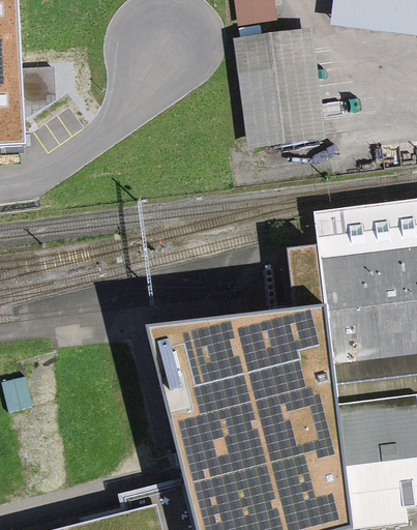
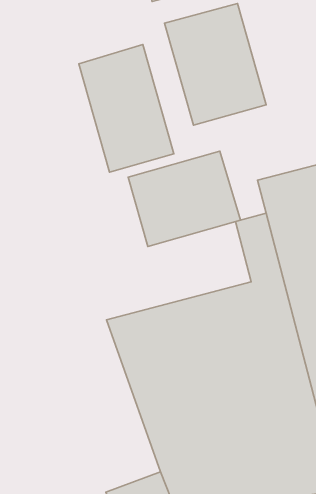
building: none -> [79,45,174,172]
building: none -> [128,151,240,246]

